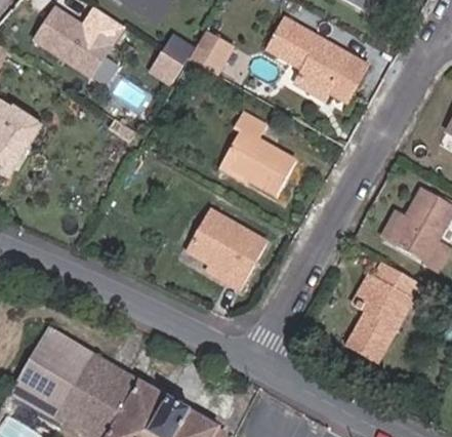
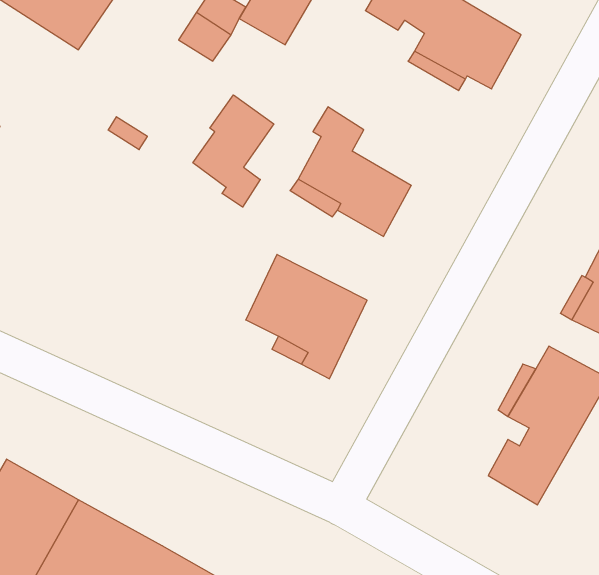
building: none -> [193,95,274,207]

